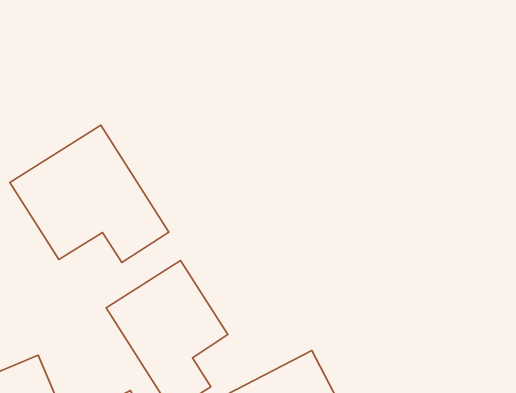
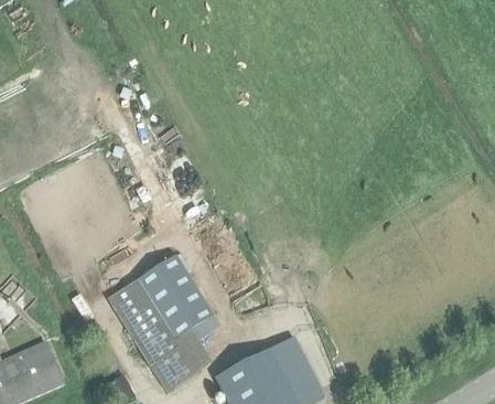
building: [10,125,169,263] -> none

